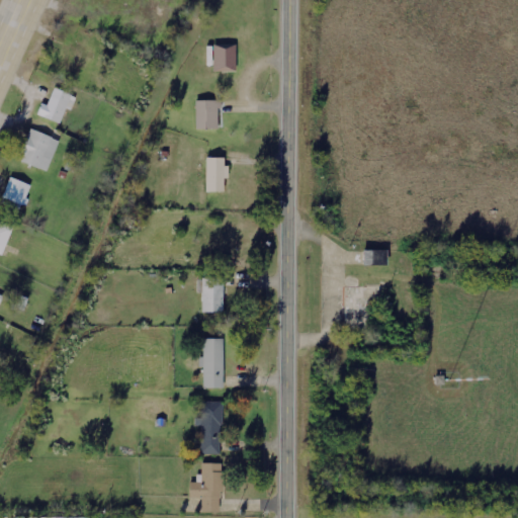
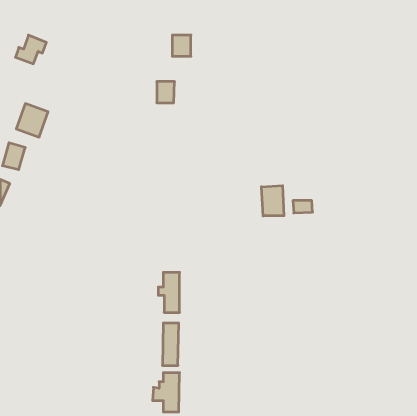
building: [38,87,77,122] -> [15,35,46,64]
building: [206,157,228,191] -> none
building: none -> [261,186,284,216]
building: [197,277,225,312] -> none

